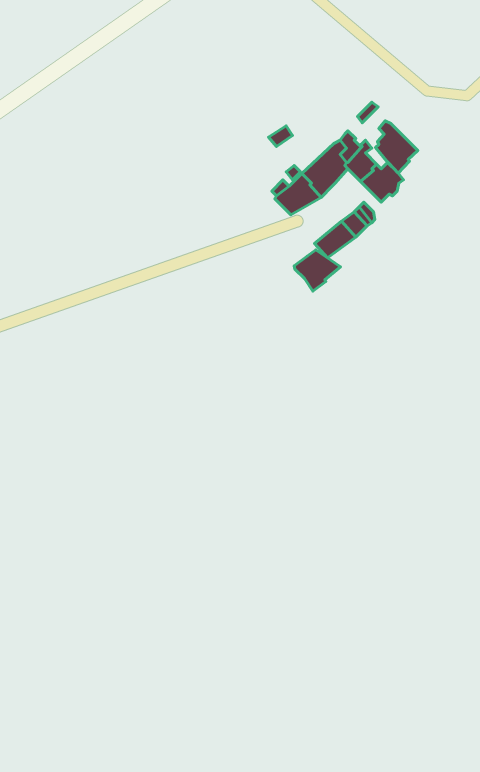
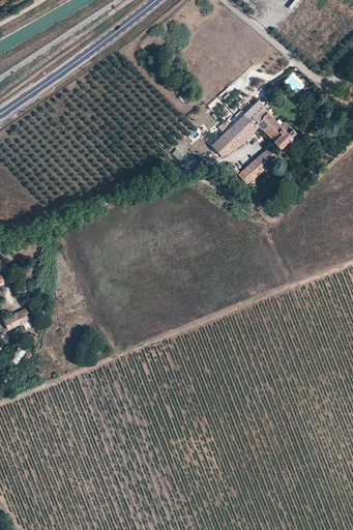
building: [376,121,418,173] -> none
building: [294,250,340,291] -> none

